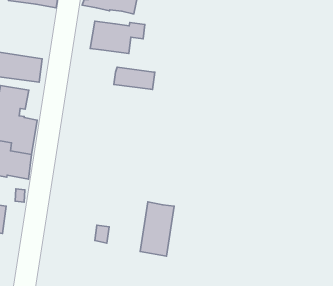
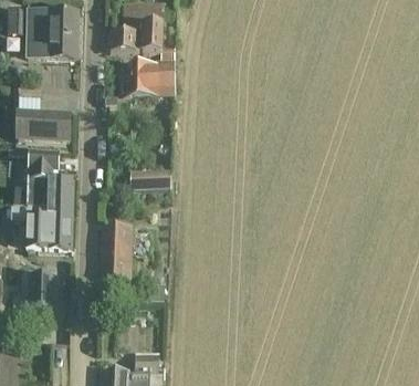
building: [114,67,155,90] -> [130,168,172,187]
building: [140,202,174,256] -> [103,223,133,279]

